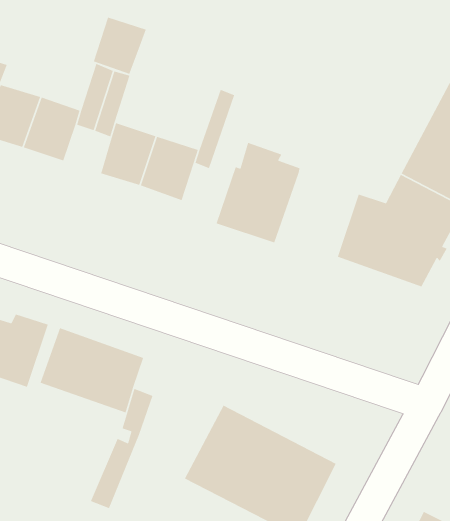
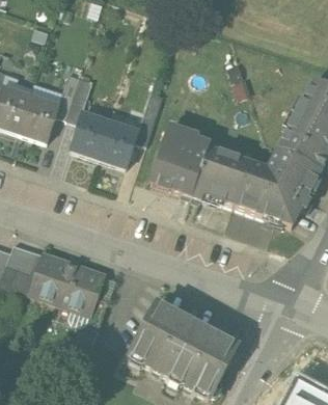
building: [93,16,147,75] -> none
building: none -> [192,147,249,205]

